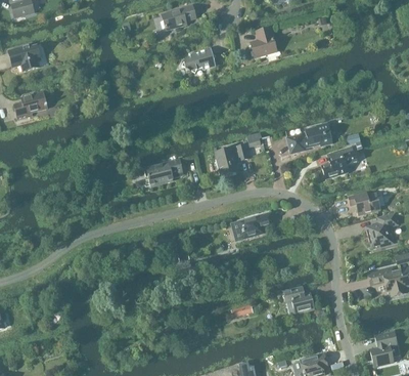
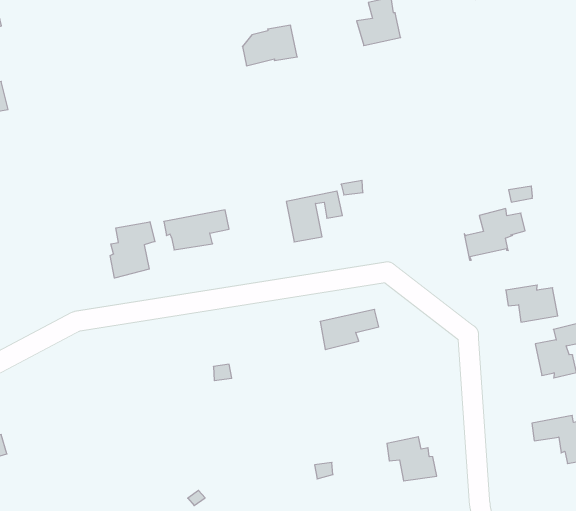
building: [286,123,332,153] -> none
building: none -> [110,222,155,278]

